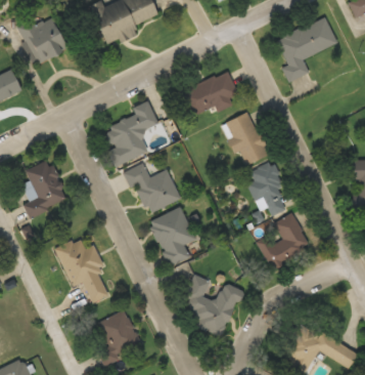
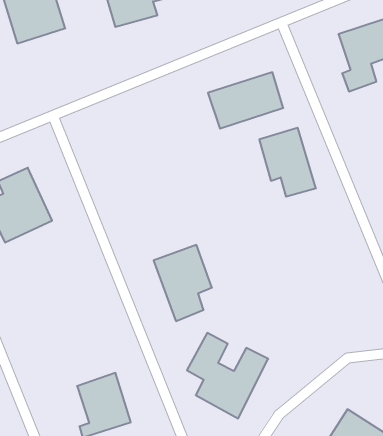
building: [105,100,157,165] -> none
building: [249,160,287,218] -> none
building: [124,162,180,213] -> none
building: [255,213,313,269] -> none
building: [57,236,110,302] -> none

